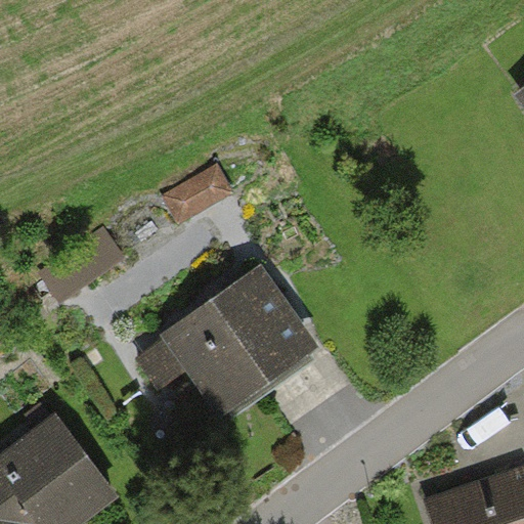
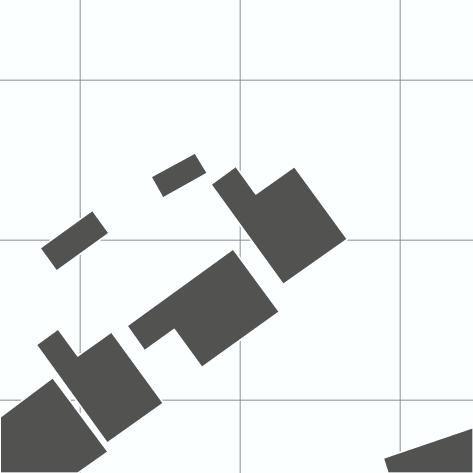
building: none -> [211,166,347,285]
building: none -> [36,329,164,443]

